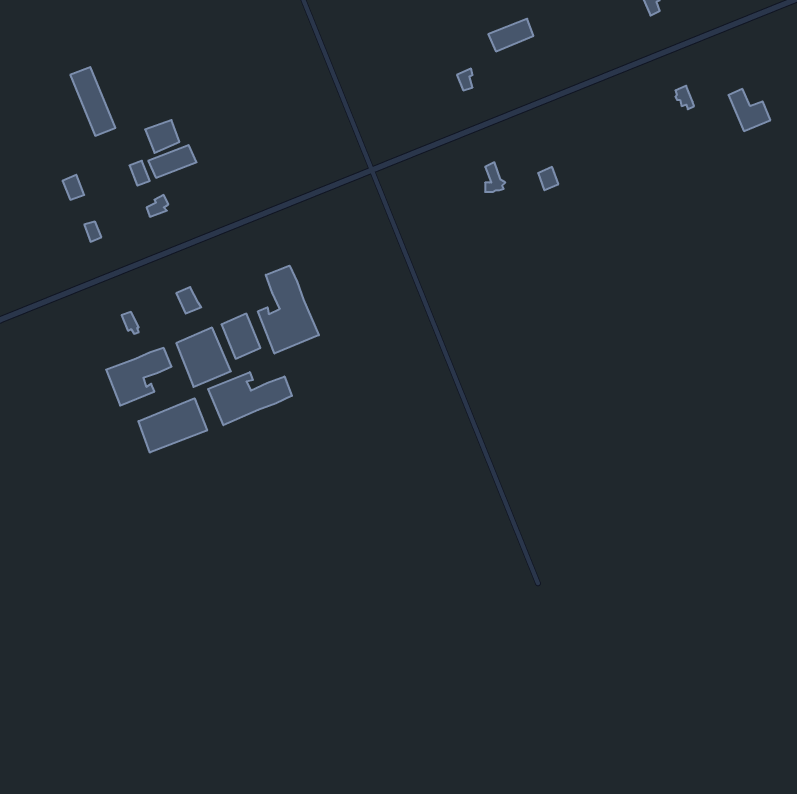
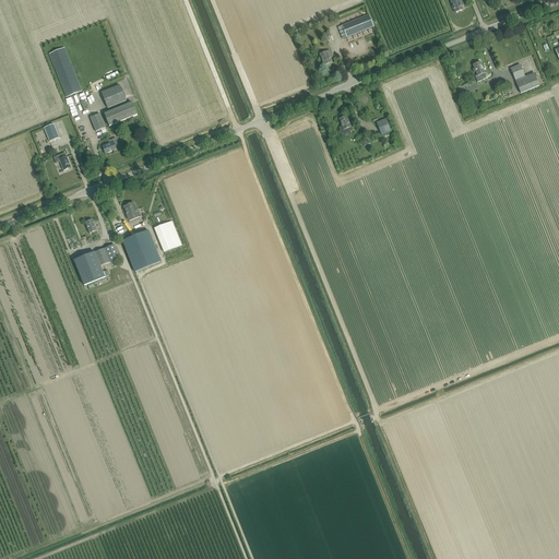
building: [258,266,319,354] -> none
building: [208,372,292,425] -> none
building: [138,398,207,453] -> none

